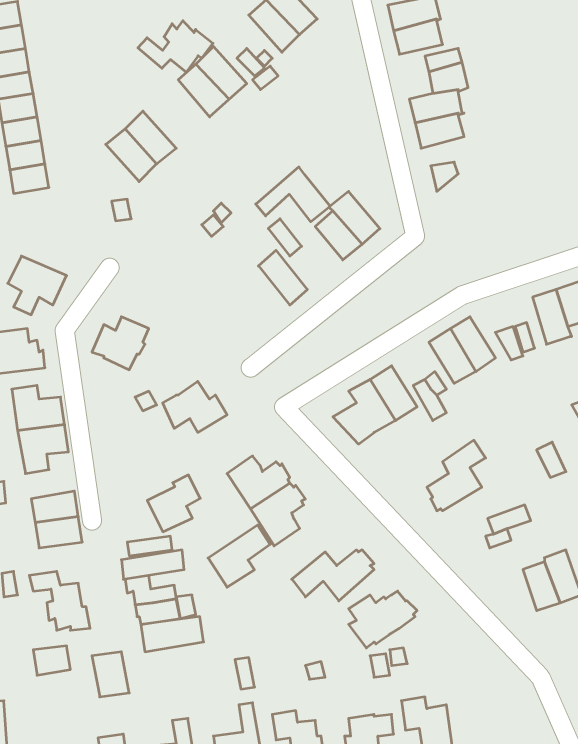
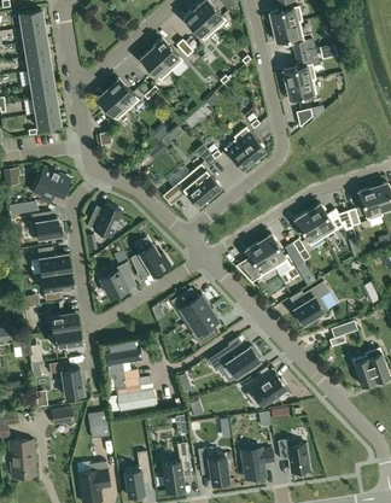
building: [138,21,213,72] -> none
building: [256,167,330,222] -> [163,172,209,206]
building: [147,475,200,532] -> [100,262,133,297]
building: [208,525,270,587] -> none

